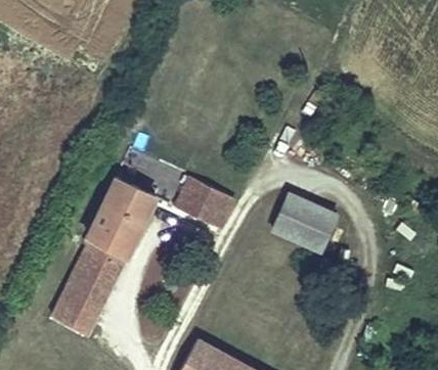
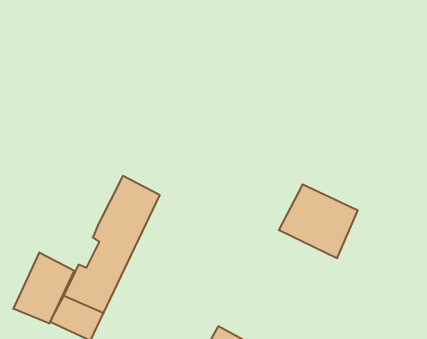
building: [175,180,232,229] -> none
building: none -> [13,252,74,324]

